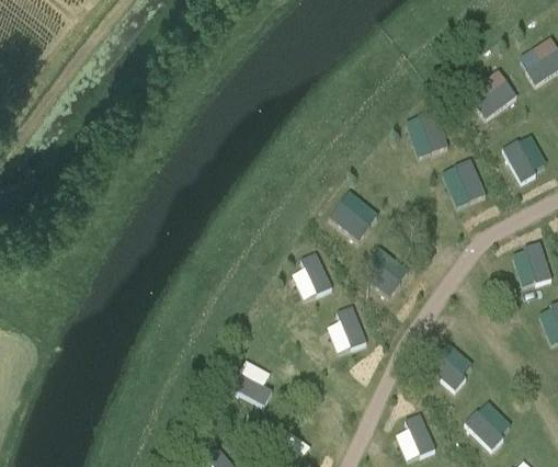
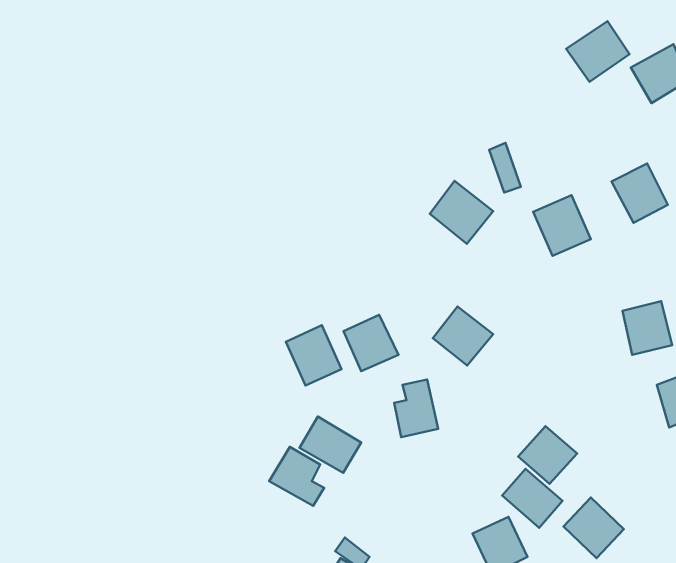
building: [467,72,517,121] -> [566,21,629,82]
building: [329,191,379,241] -> [430,181,493,244]
building: none -> [286,325,342,386]
building: none -> [299,417,361,473]
building: none -> [502,469,562,528]

